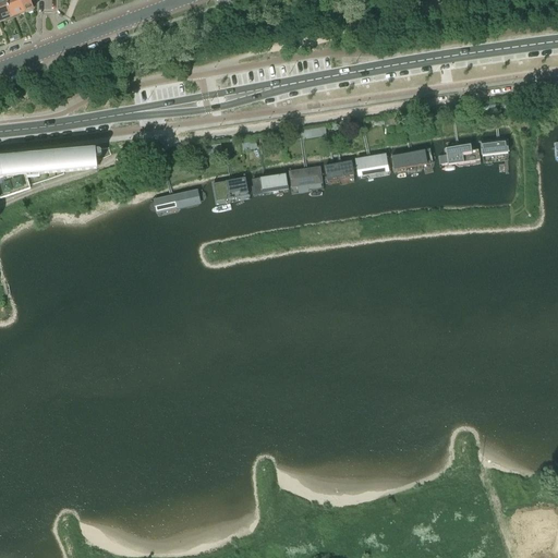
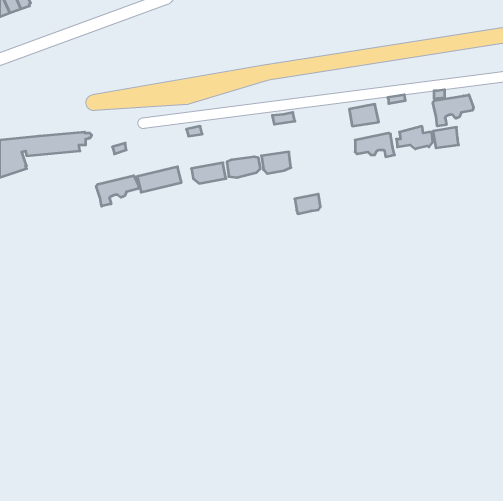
building: none -> [433,95,473,126]
building: [354,150,387,174] -> [349,104,379,126]
building: [324,160,352,182] -> [295,194,320,214]
building: none -> [96,176,139,206]

